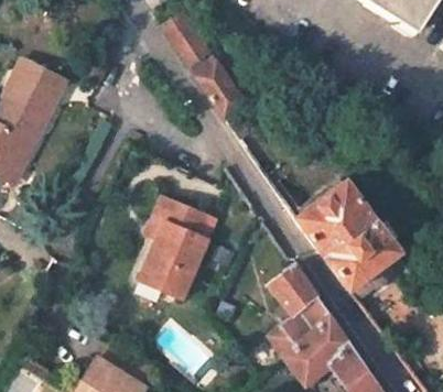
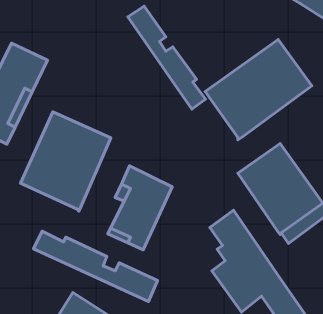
building: none -> [205,40,312,140]
building: none -> [20,112,111,211]
building: none -> [33,231,158,301]

